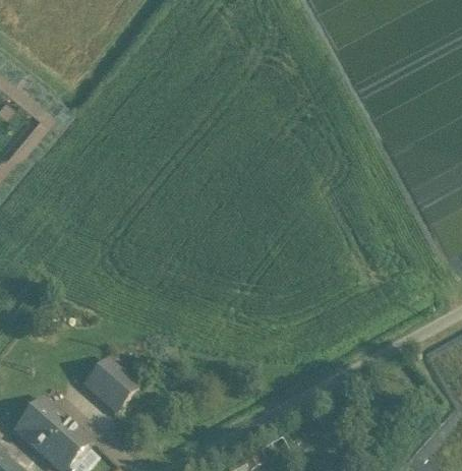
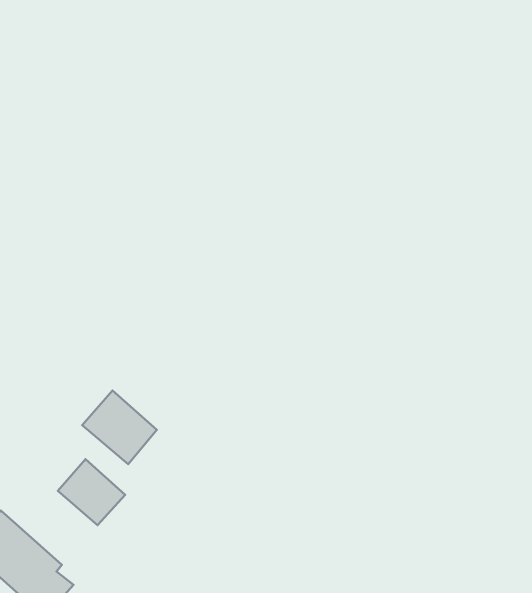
building: none -> [82,391,157,464]

